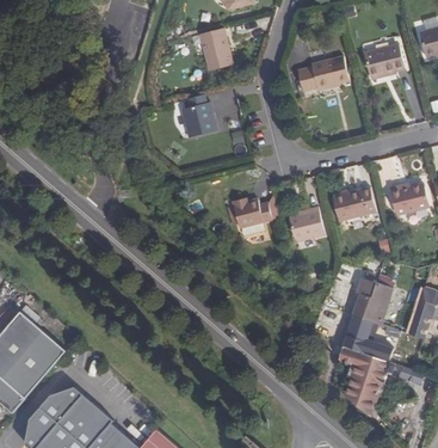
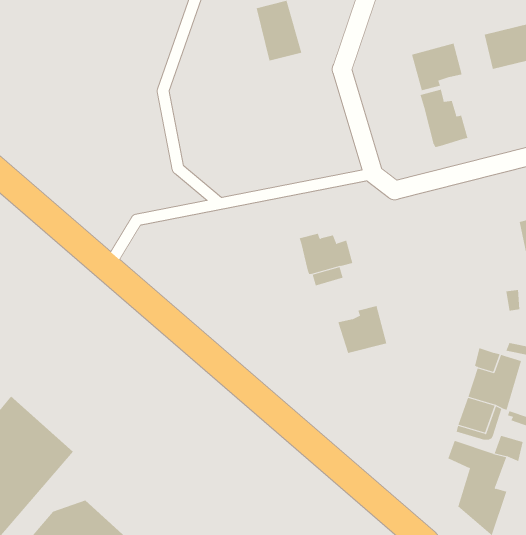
building: none -> [420,89,468,148]
building: [183,93,217,136] -> none
building: [332,185,375,219] -> none
building: [288,203,323,238] -> [338,306,387,354]

